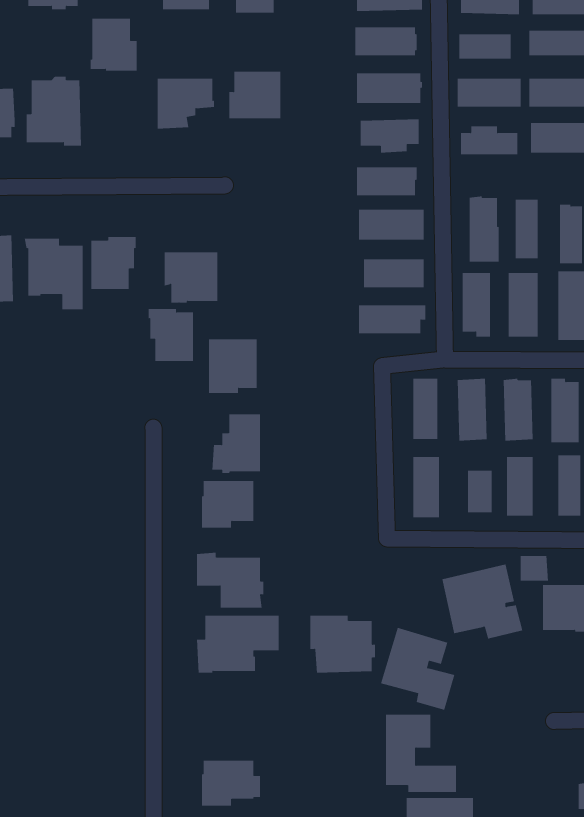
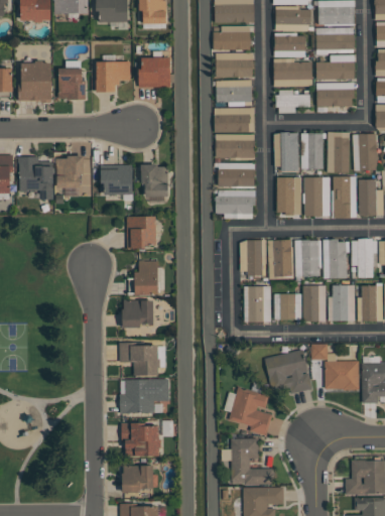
building: [90,18,138,71] -> [58,69,87,100]
building: [148,309,194,361] -> [141,165,168,197]
building: [309,615,376,673] -> [122,423,161,458]

